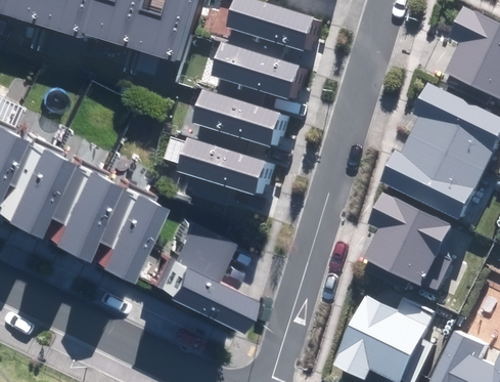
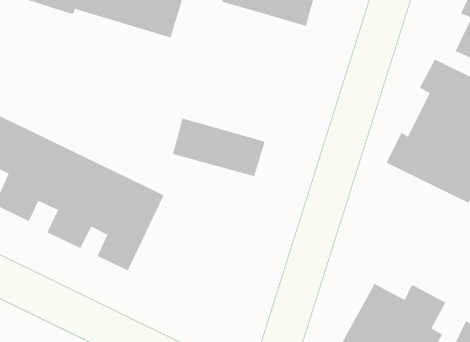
building: [211,40,302,98] -> none
building: [188,90,281,147] -> none
building: [362,192,452,290] -> none
building: [150,217,248,328] -> none

